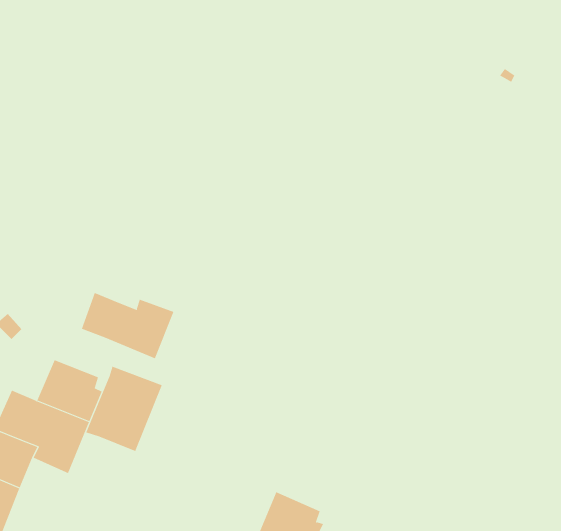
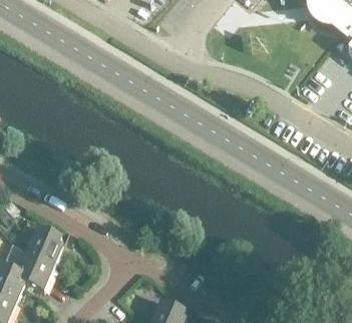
building: [81,292,174,359] -> none
building: [85,366,162,452] -> none

